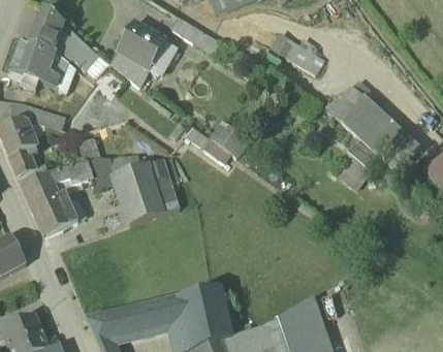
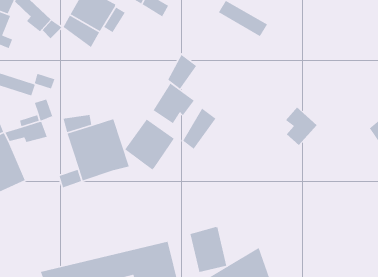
building: [328,83,419,170] -> none
building: none -> [167,54,197,90]
building: none -> [182,108,216,150]
building: none -> [124,119,175,171]
building: none -> [189,226,227,273]

